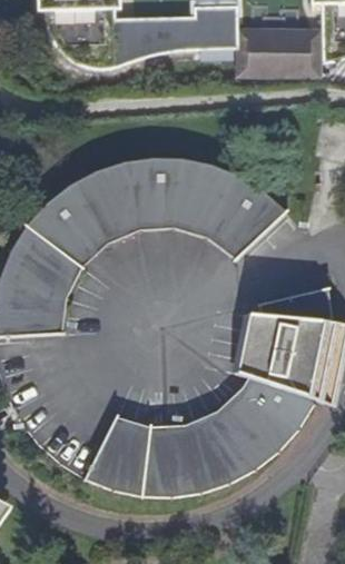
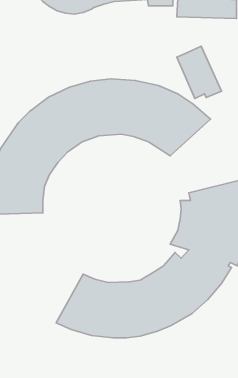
building: none -> [177,46,222,99]

